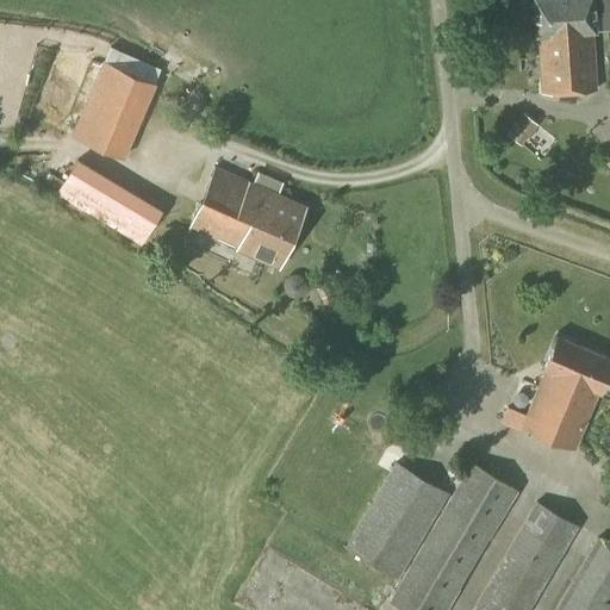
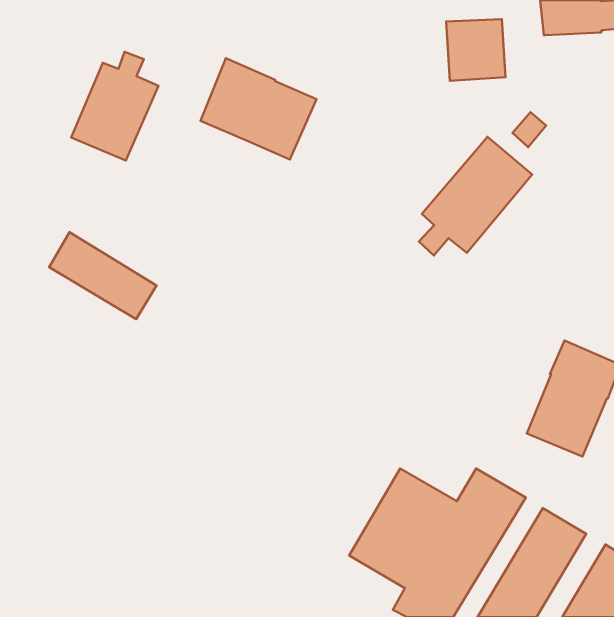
building: [541,32,599,93] -> [446,19,505,81]
building: none -> [419,137,532,256]
building: [57,158,163,244] -> [49,232,157,319]
building: [192,167,306,267] -> [200,58,316,160]

